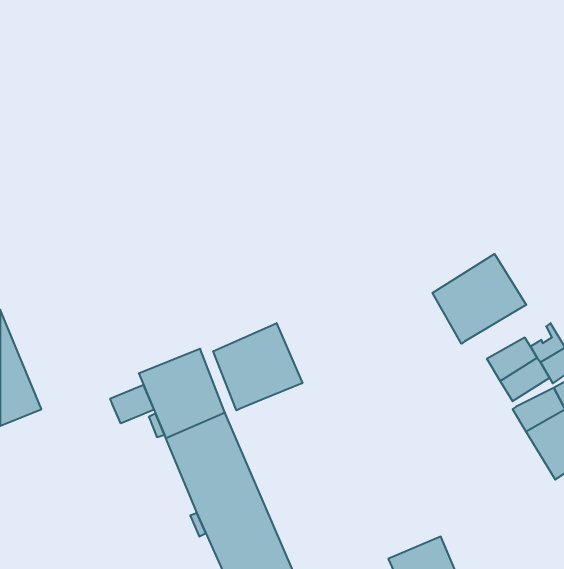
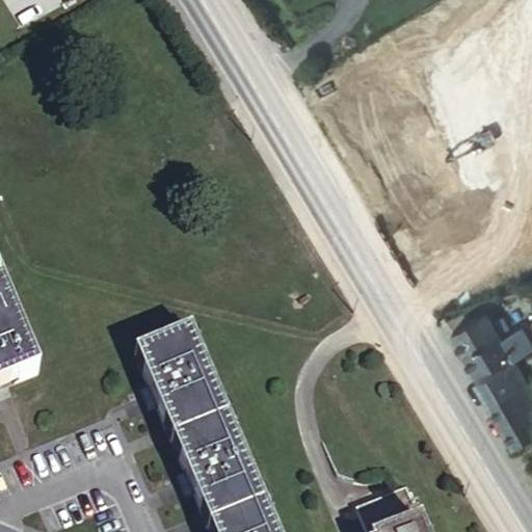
building: [432,254,526,344] -> none
building: [213,323,302,410] -> none
building: [110,385,154,423] -> none

